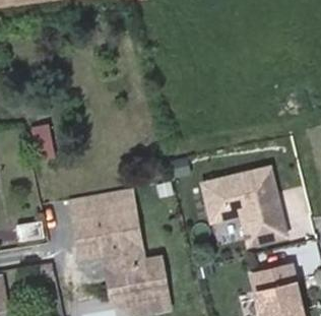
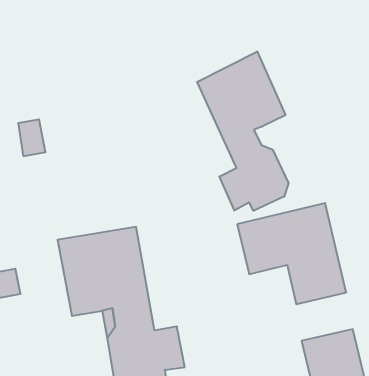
building: none -> [197,51,288,211]

